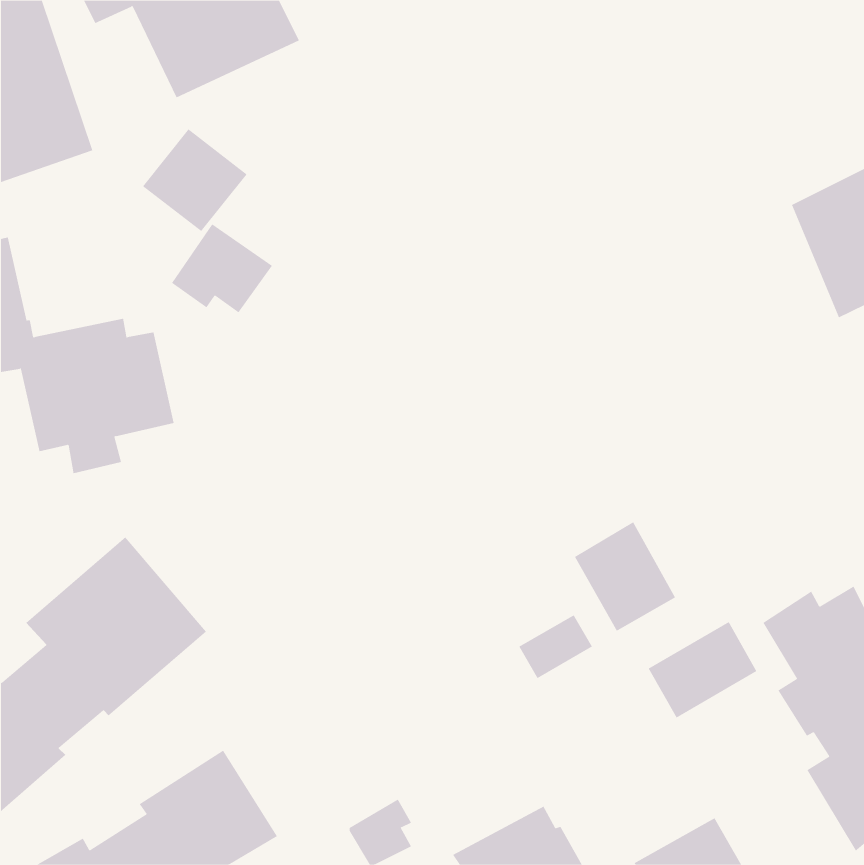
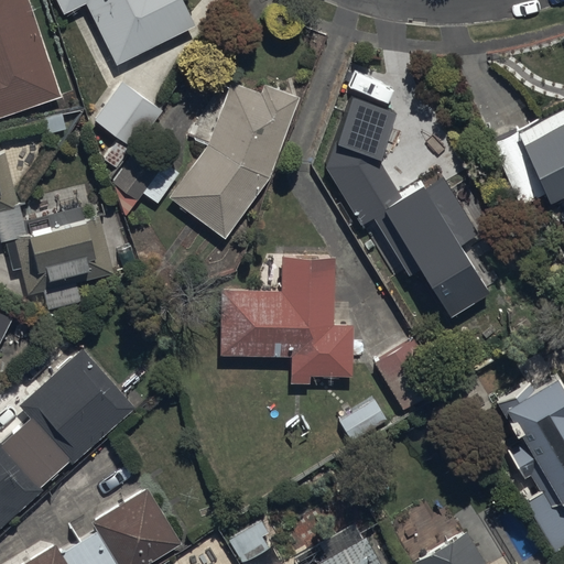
building: none -> [170,84,297,237]
building: none -> [326,96,492,319]
building: none -> [220,259,355,384]
building: [648,621,757,718] -> none

